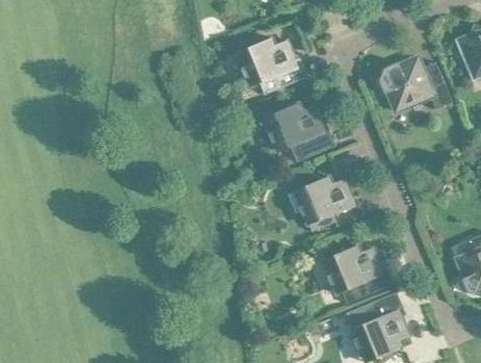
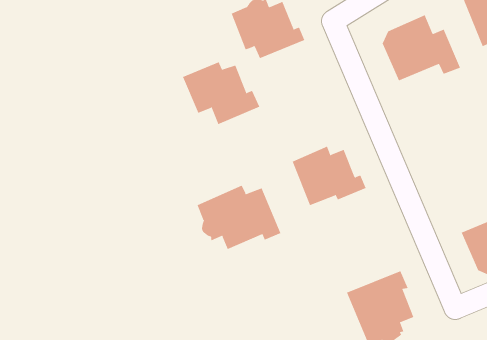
building: [263,101,336,160] -> [182,61,260,125]
building: none -> [197,185,281,250]
building: [322,243,393,302] -> none

